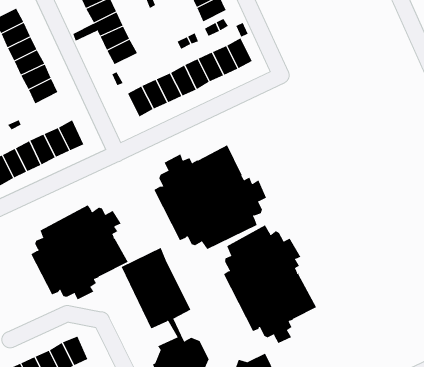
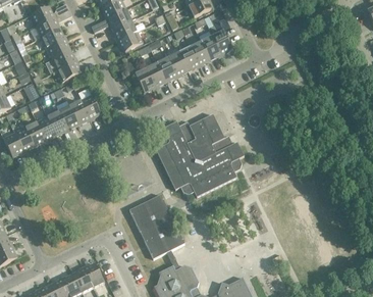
building: [30,205,128,300] -> none
building: [223,225,317,344] -> none

